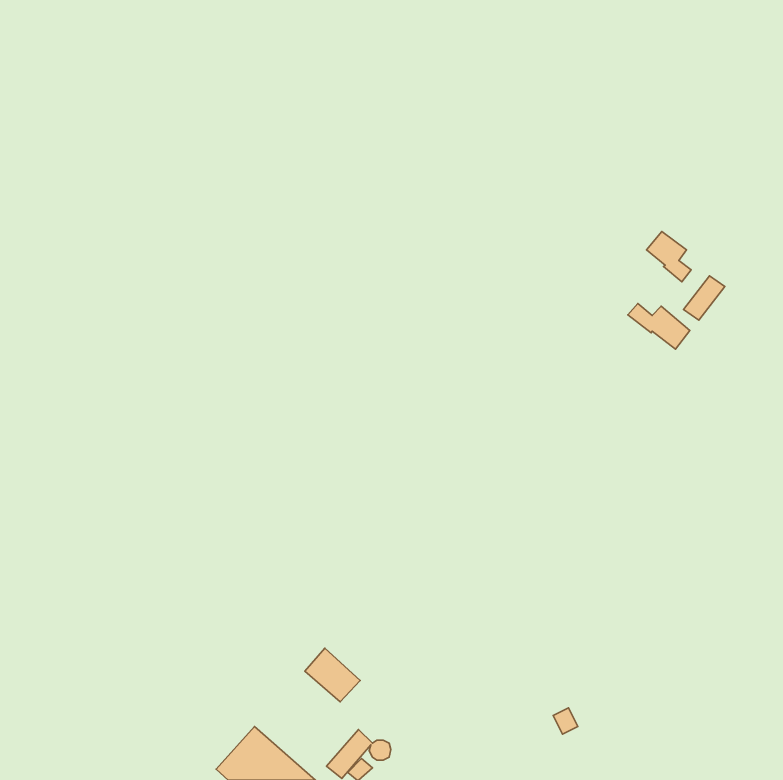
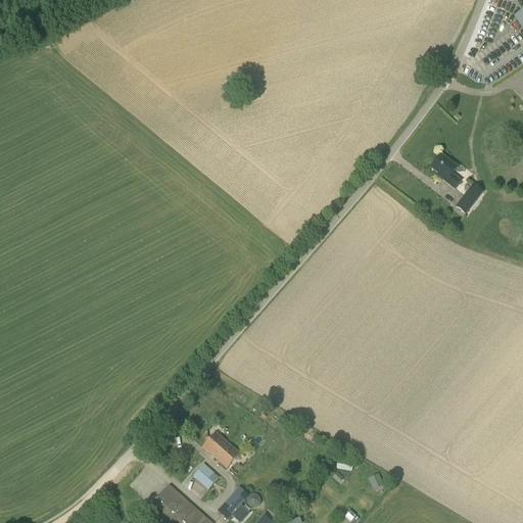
building: [628,303,690,349] -> none
building: none -> [192,463,222,489]

